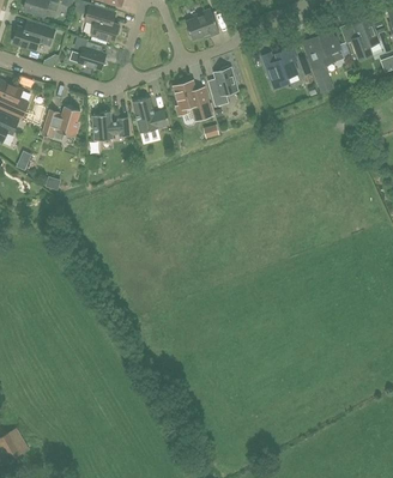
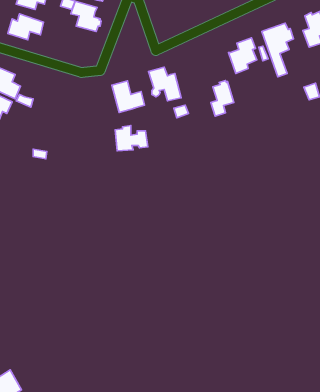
building: [186,8,219,38] -> none
building: [78,40,107,68] -> none
building: [211,65,237,105] -> [211,80,234,116]
building: [42,105,80,137] -> none
building: [92,110,129,139] -> [115,126,148,151]

